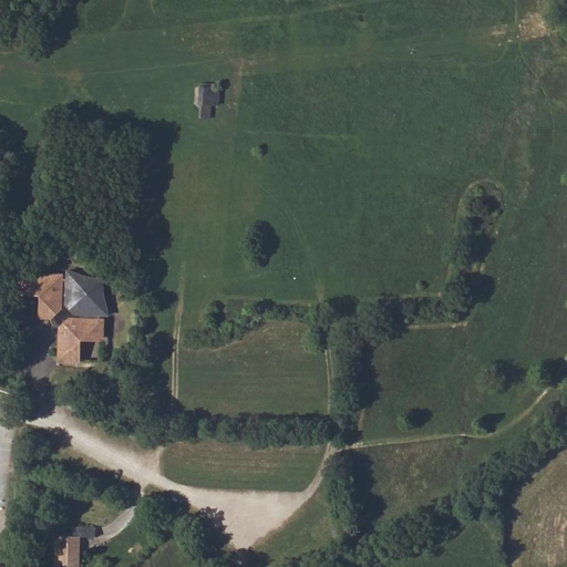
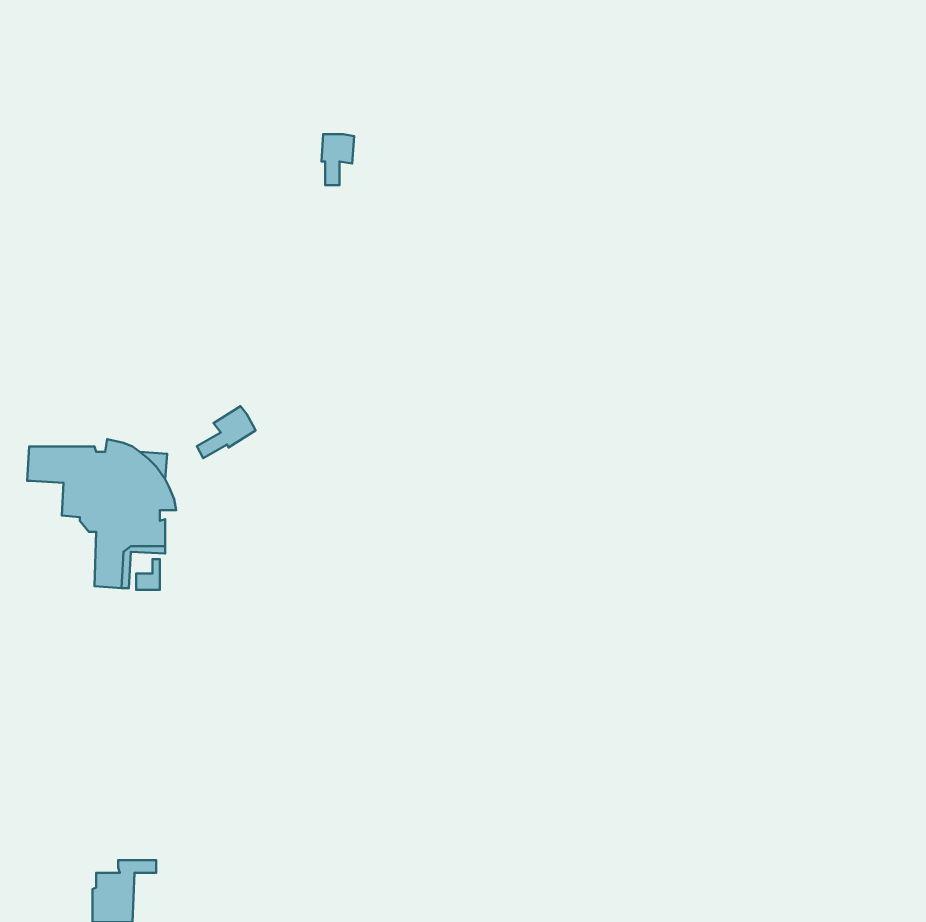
building: none -> [197,406,255,458]

